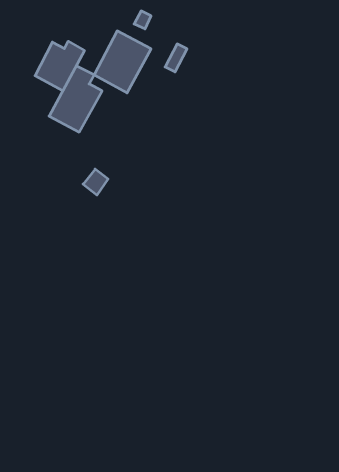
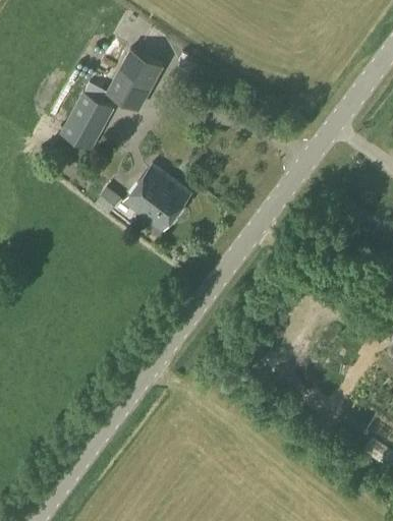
building: [35,41,84,91] -> none
building: none -> [123,165,190,231]

